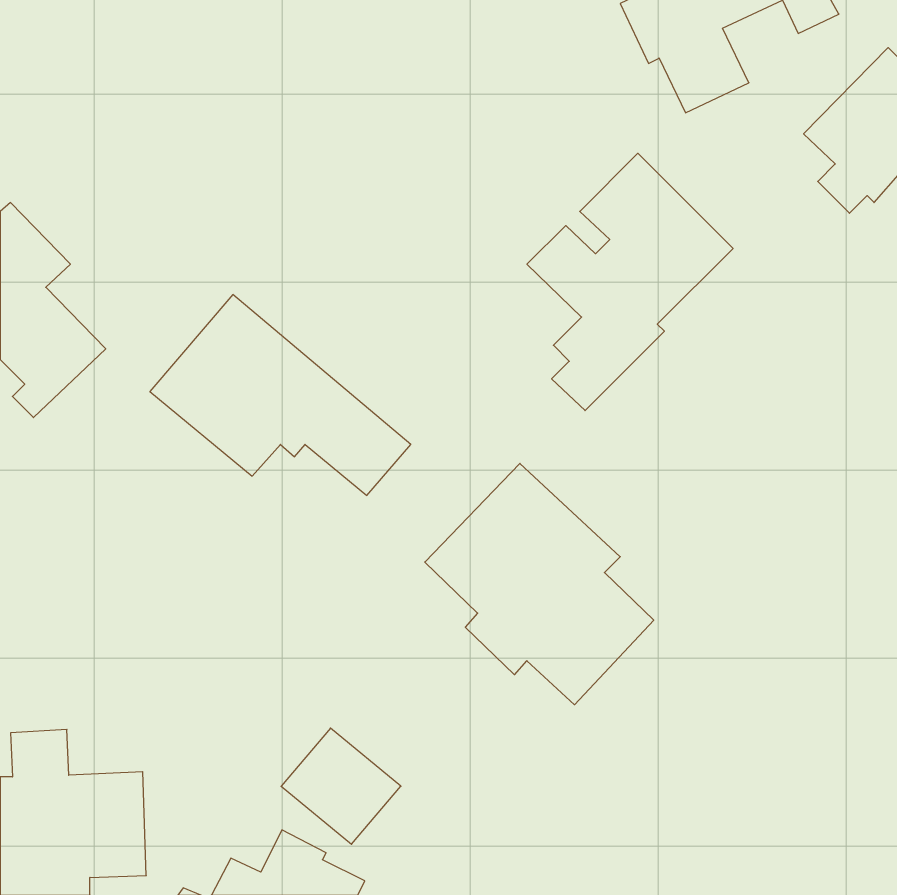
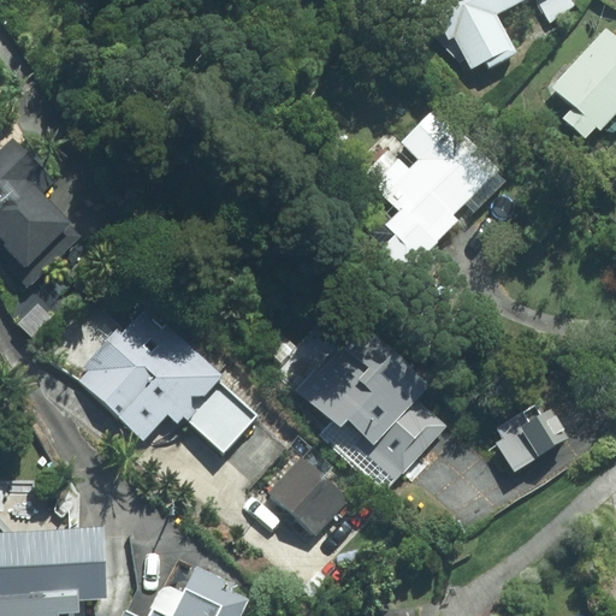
building: [150,295,411,495] -> [76,312,254,449]
building: none -> [490,401,567,470]
building: [281,728,401,844] -> [266,457,348,537]

